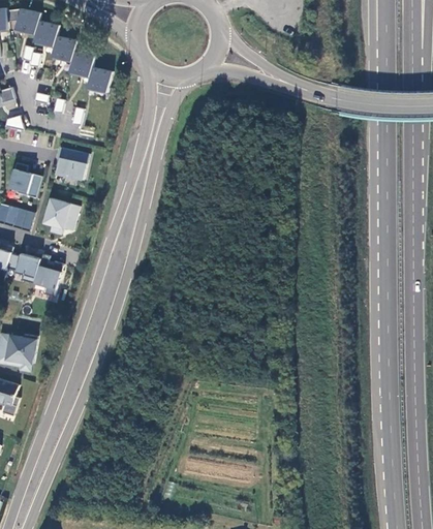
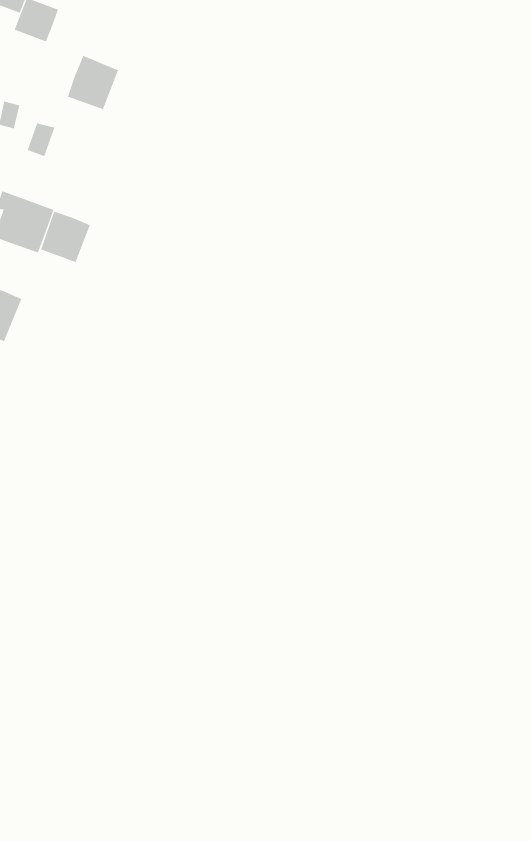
building: [69,54,94,80] -> none
building: none -> [41,211,91,263]

